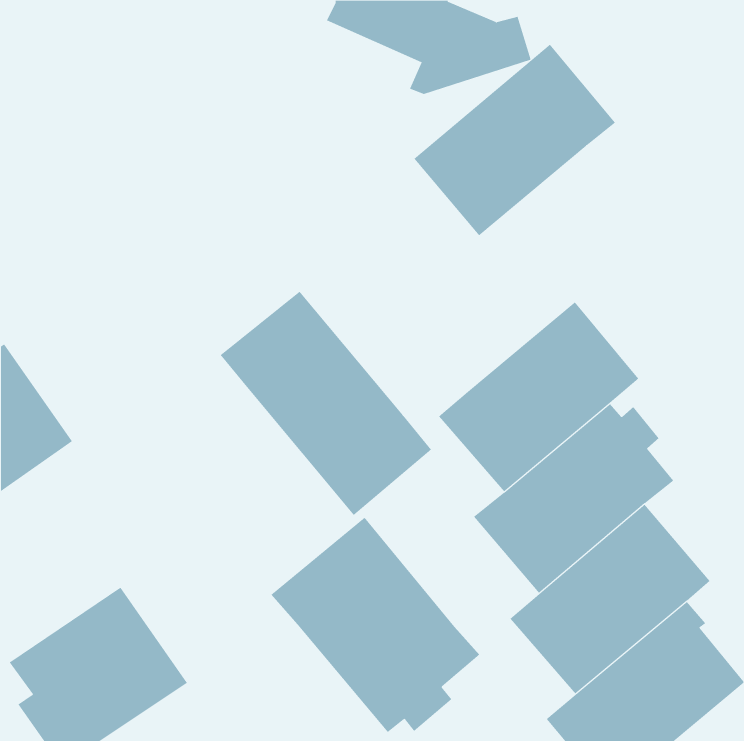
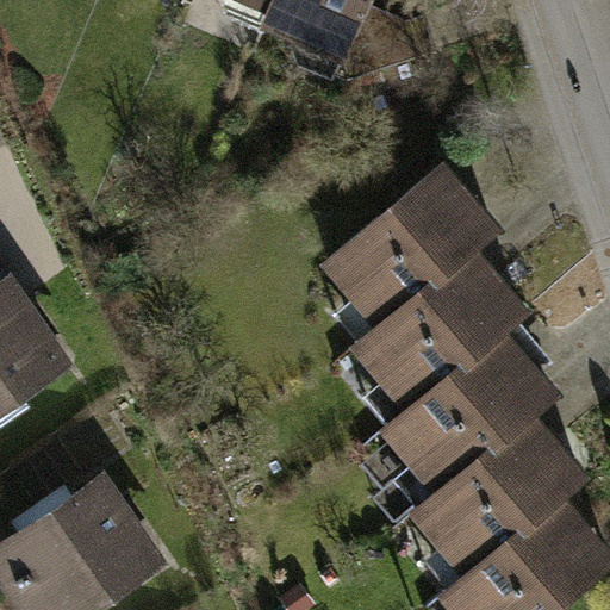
building: [413,44,616,236] -> [329,166,494,323]
building: [220,291,432,516] -> none
building: [271,517,480,733] -> none

